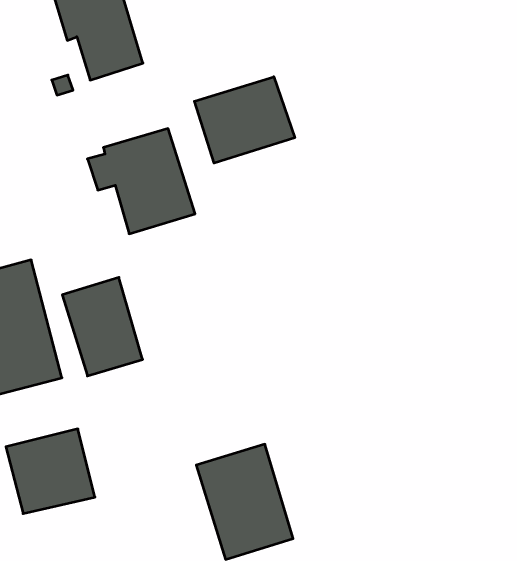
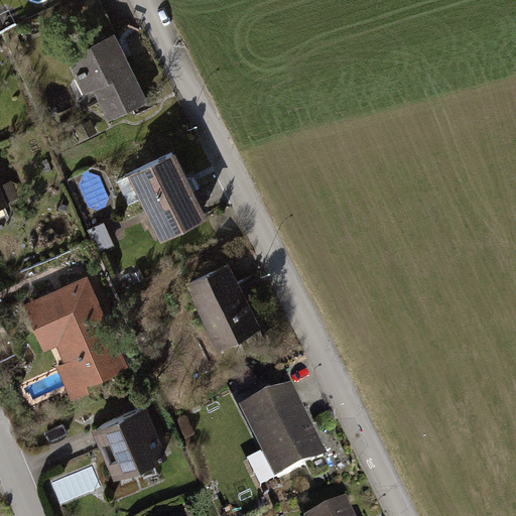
building: [194,77,295,163] -> none
building: [62,277,143,376] -> [187,266,259,348]

